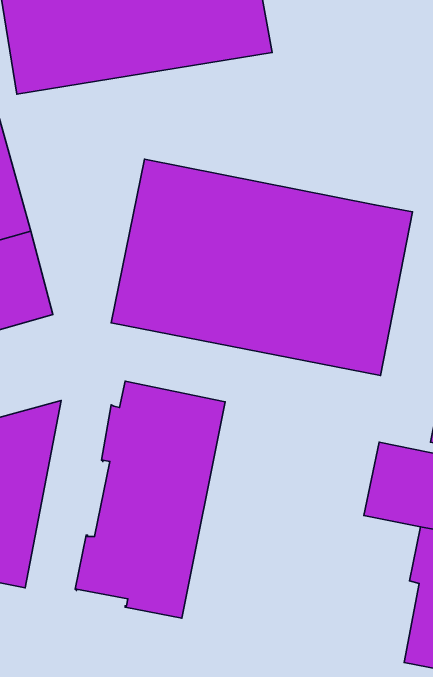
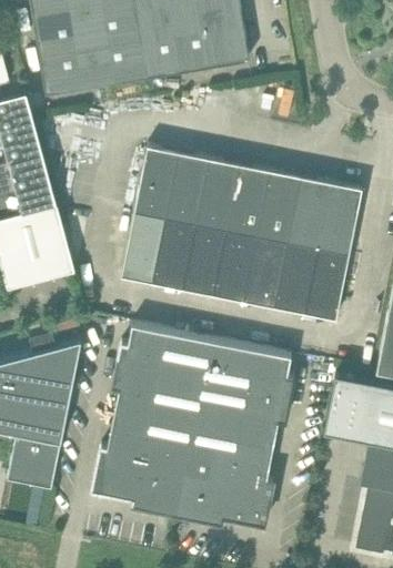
building: none -> [178,342,294,526]

